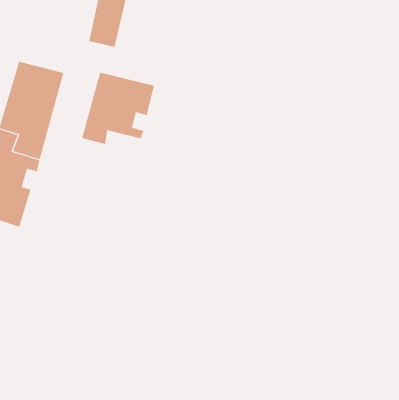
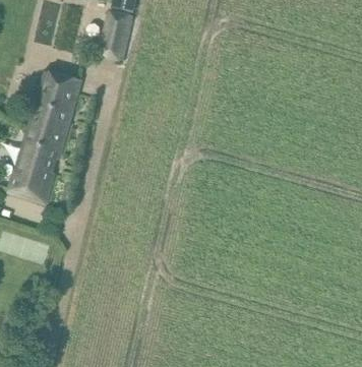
building: [81,72,155,145] -> none

